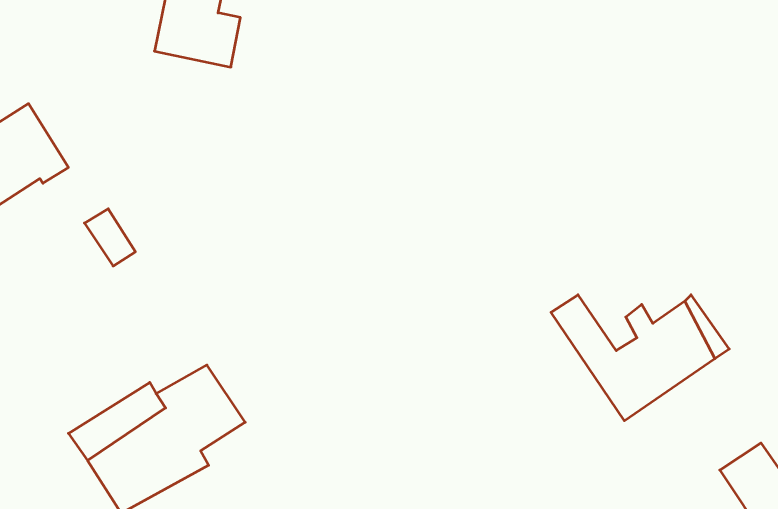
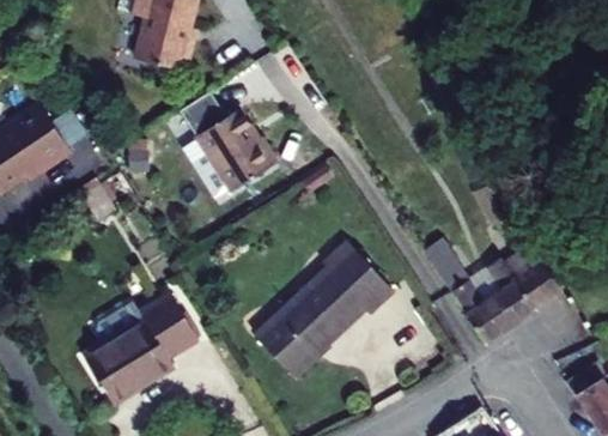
building: none -> [180,90,281,193]
building: none -> [255,240,396,376]

